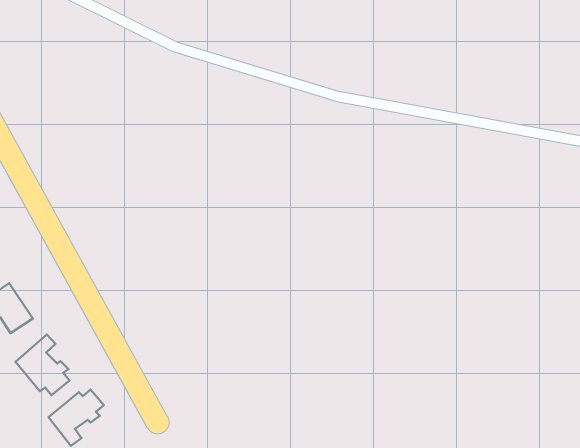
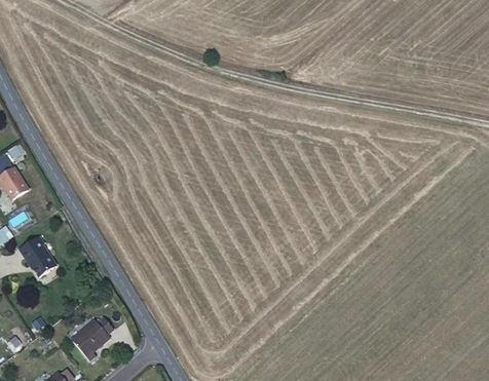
building: [16,334,70,395] -> none

